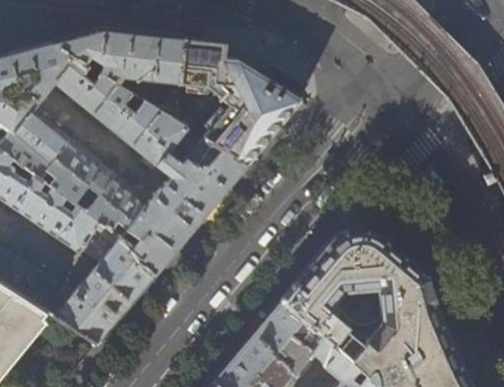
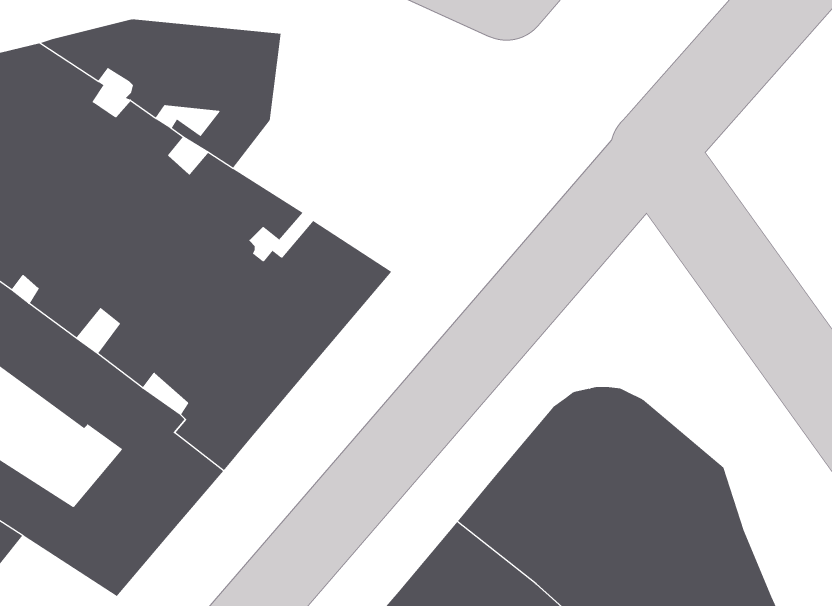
building: [157,40,301,169] -> none

